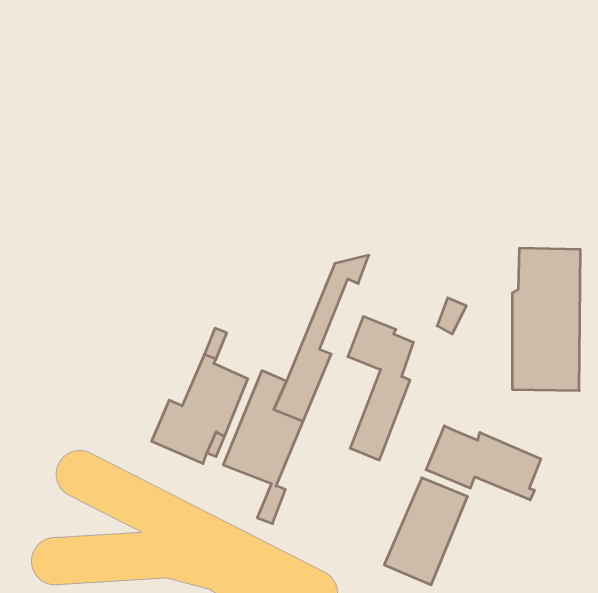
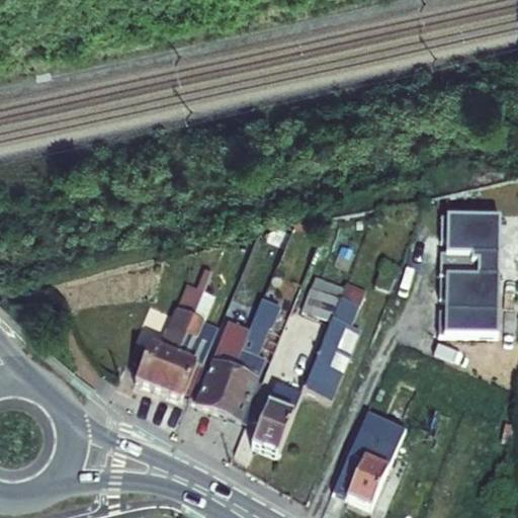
building: [426,426,541,500] -> none
building: none -> [253,387,299,455]

